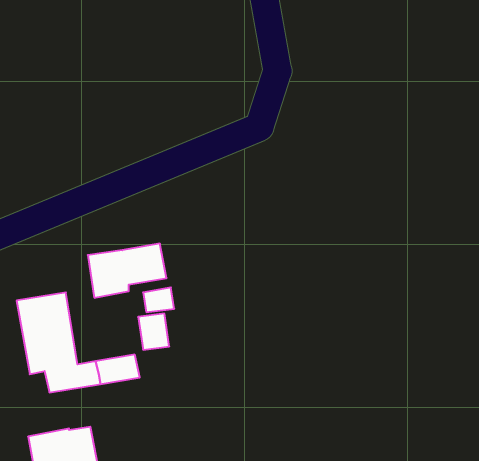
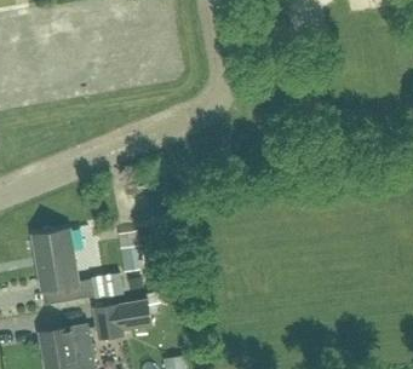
building: [88,244,167,298] -> [96,301,154,341]

